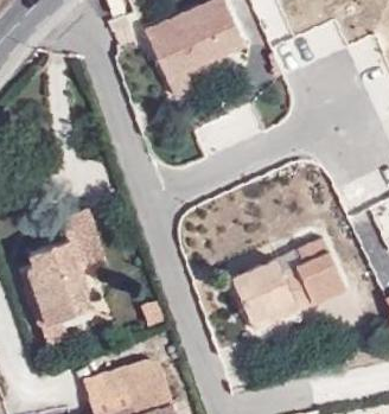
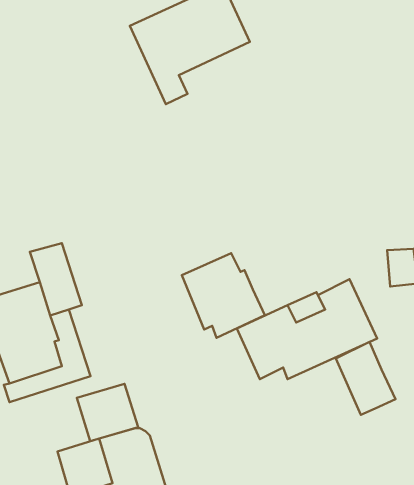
building: none -> [182,253,265,338]
building: none -> [336,342,395,415]
building: none -> [77,384,138,441]

